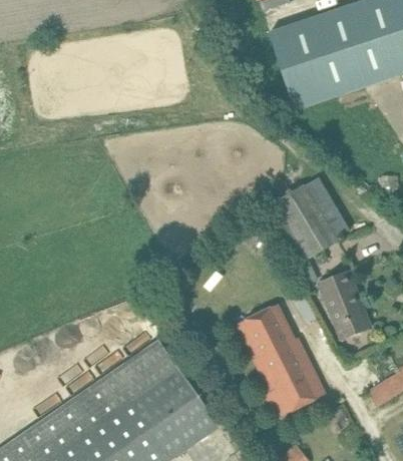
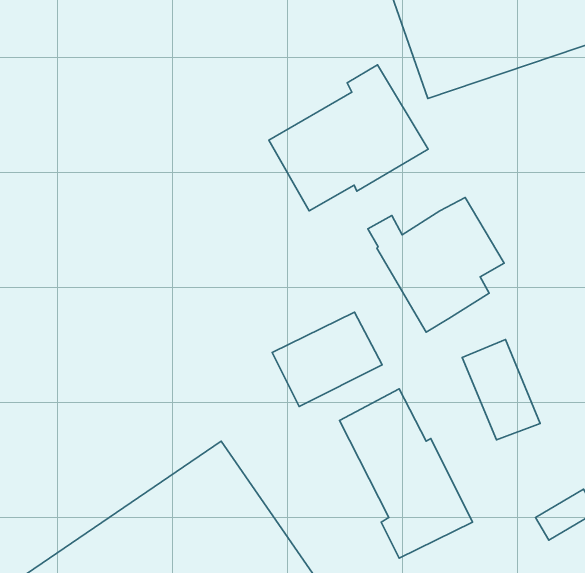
building: none -> [269,65,428,211]
building: none -> [272,312,382,406]

